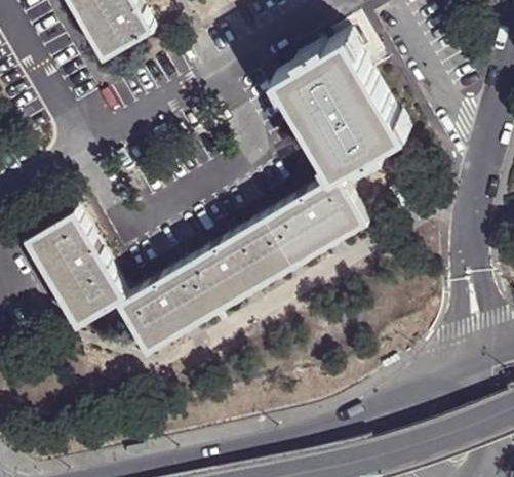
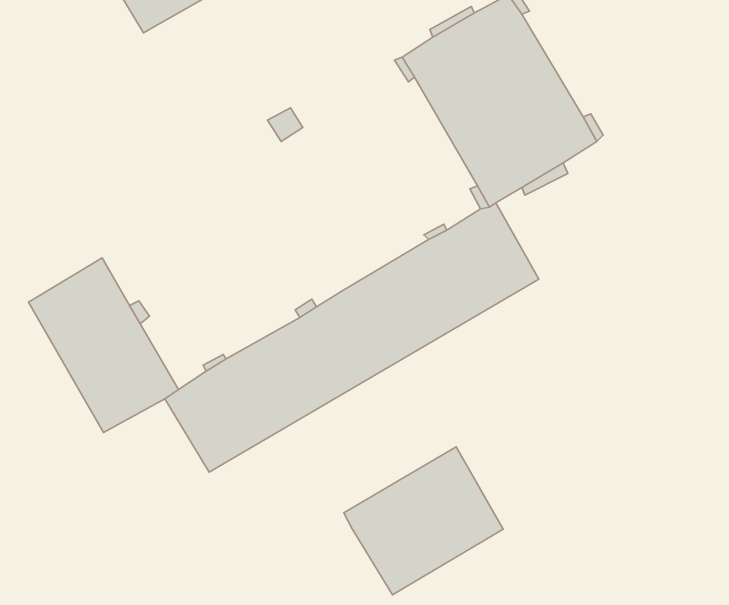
building: none -> [344,447,503,595]

